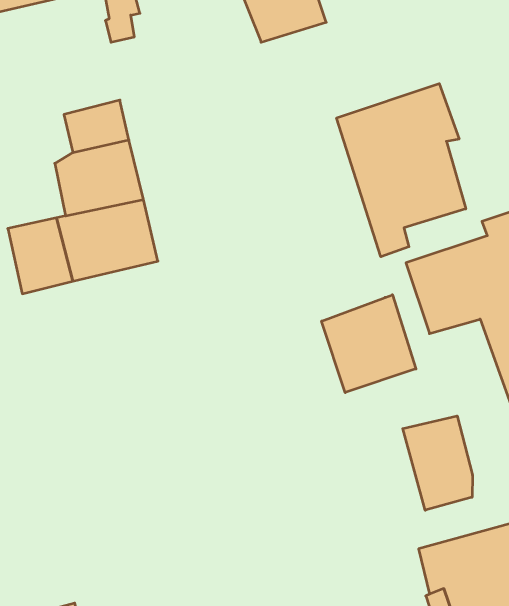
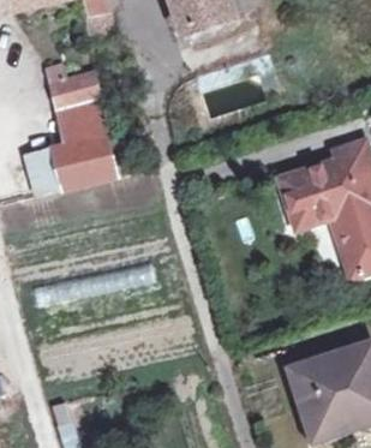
building: [337,84,466,257] -> none
building: [322,295,416,393] -> none
building: [403,416,472,510] -> none

